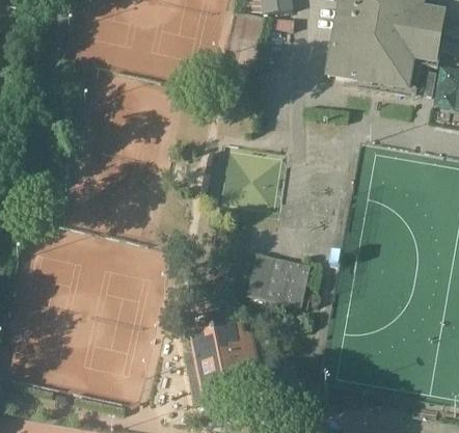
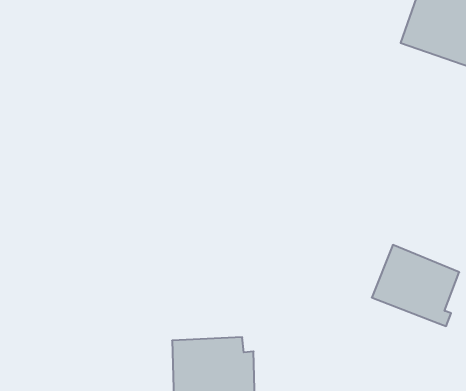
building: [246,251,309,306] -> [372,245,459,326]

